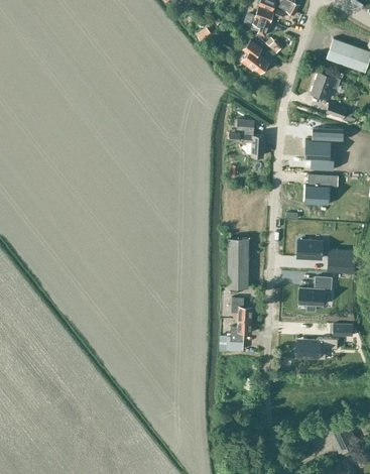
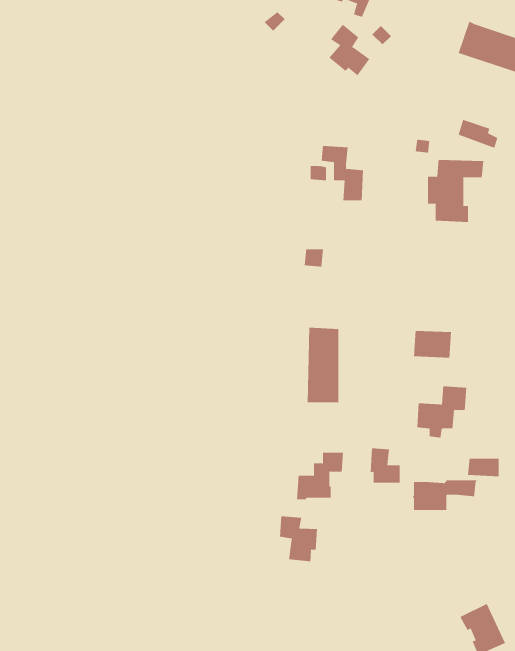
building: [311,72,339,100] -> none
building: [304,173,338,204] -> none
building: [328,255,353,272] -> none
building: [231,297,251,320] -> [370,448,401,483]
building: none -> [279,515,317,562]

